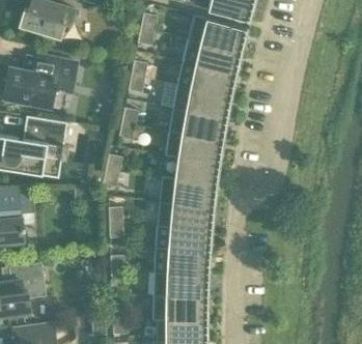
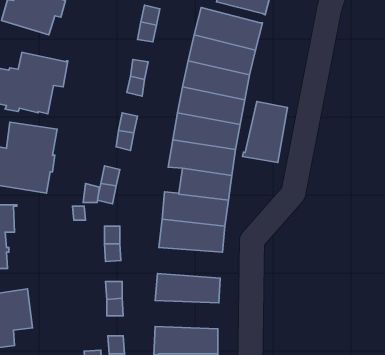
building: none -> [243,101,287,162]
building: [155,226,212,253] -> none
building: [152,273,208,297] -> none

